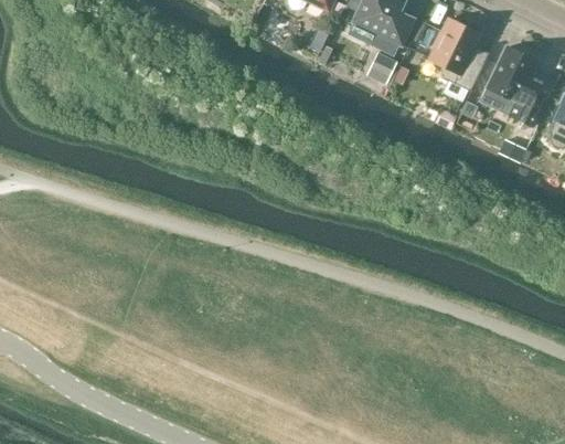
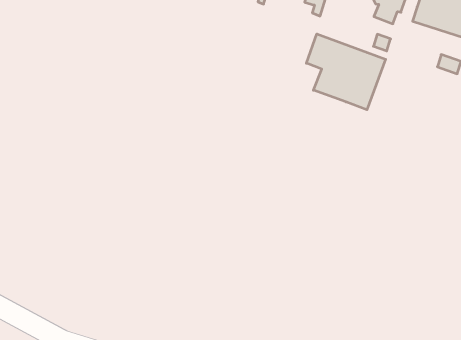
building: none -> [306,34,386,110]

